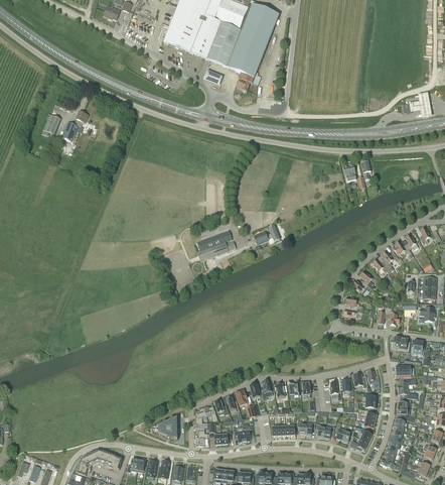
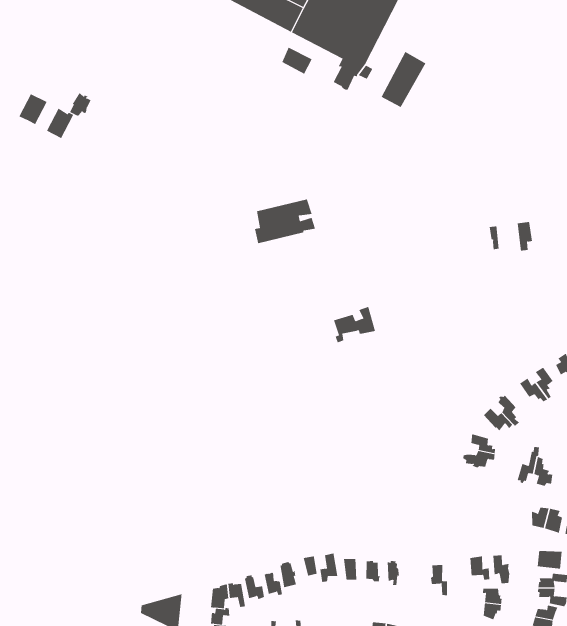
building: none -> [381,51,426,108]
building: [197,229,236,260] -> [254,199,316,244]

